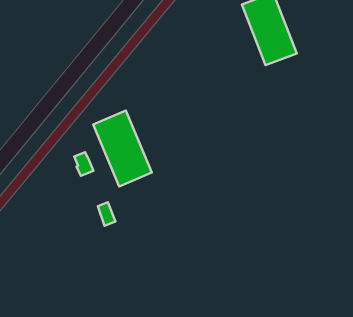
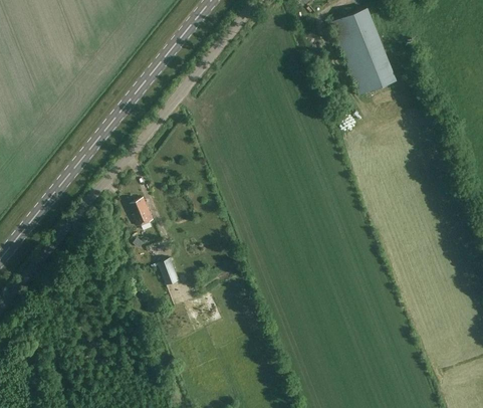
building: [93,110,152,186] -> none

